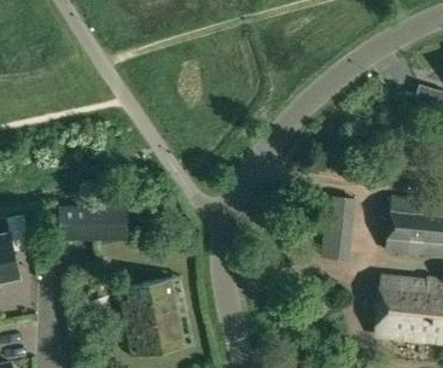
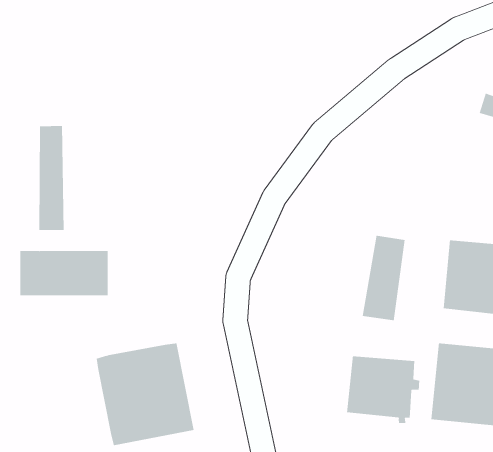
building: none -> [39,125,64,231]
building: none -> [347,356,420,424]

